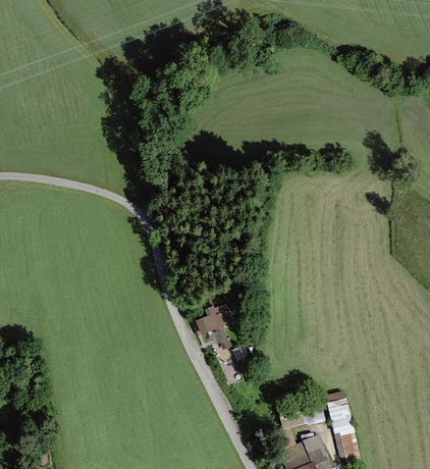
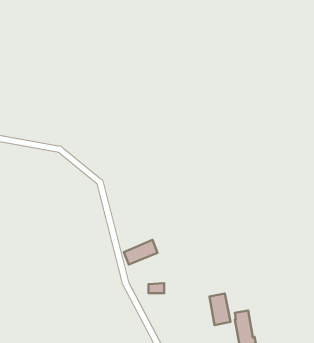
building: none -> [210,293,230,325]

